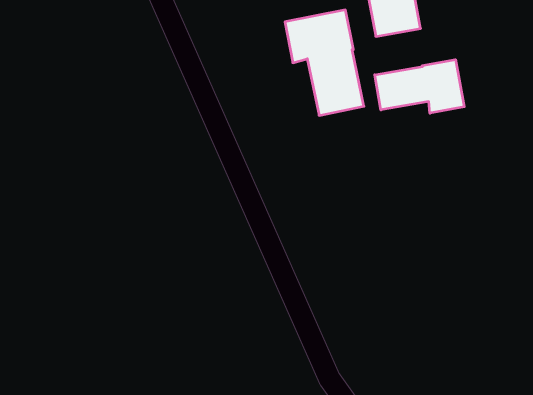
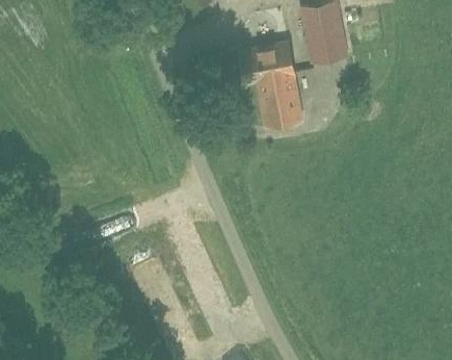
building: [375,60,464,113] -> none

